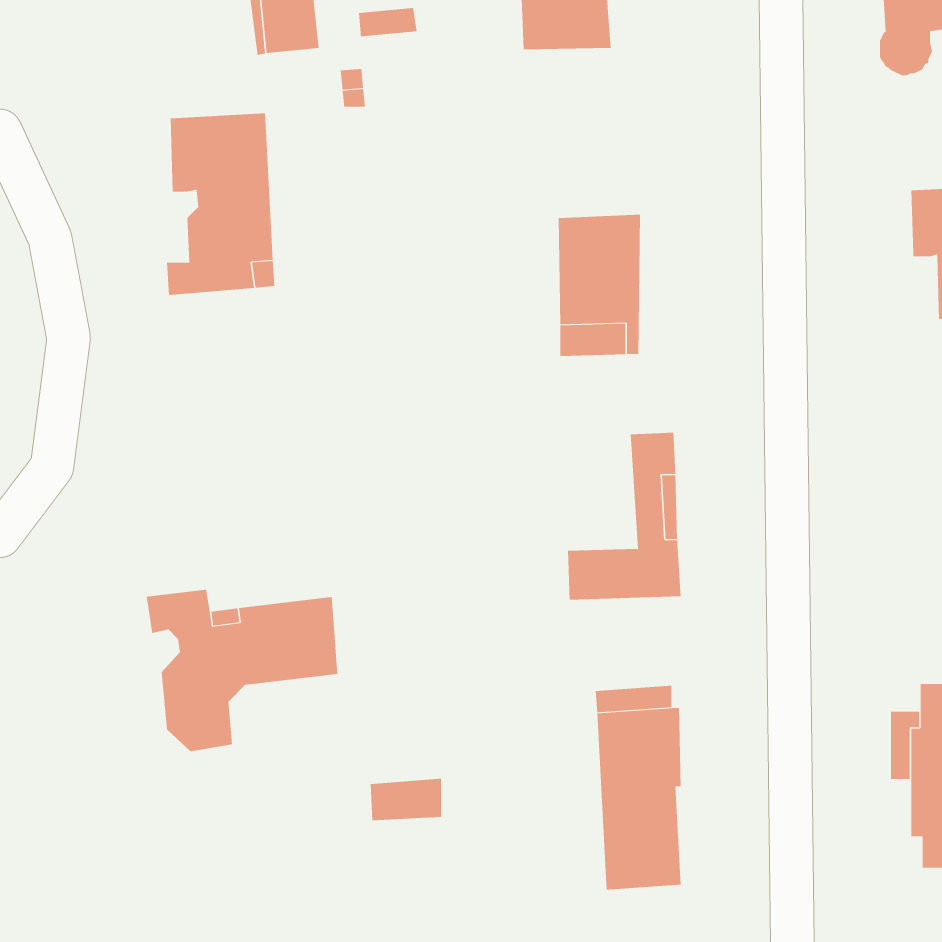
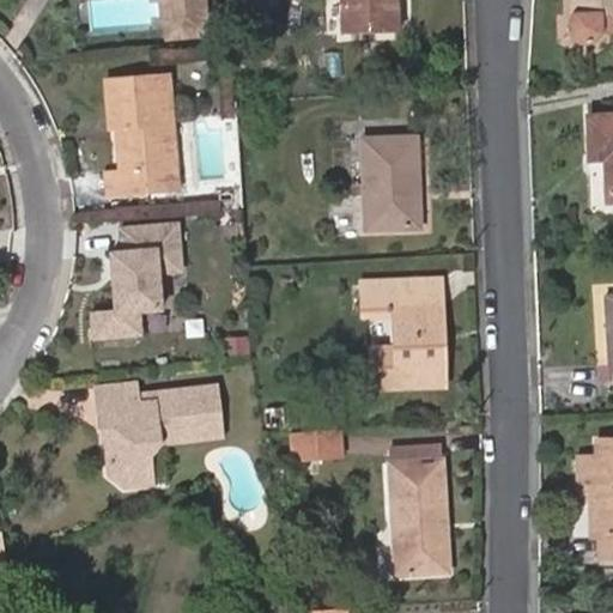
building: none -> [87,217,187,335]
building: none -> [366,278,414,357]
building: [370,778,442,821] -> [295,432,341,460]

